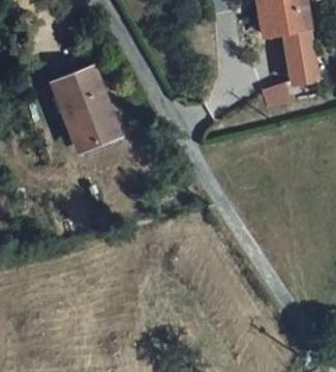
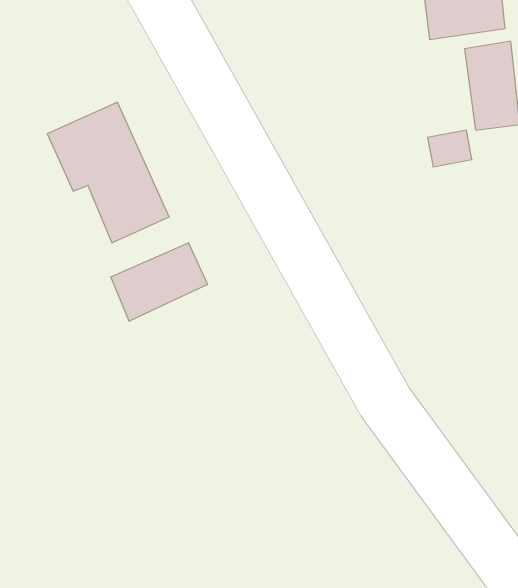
building: none -> [111,243,207,321]

